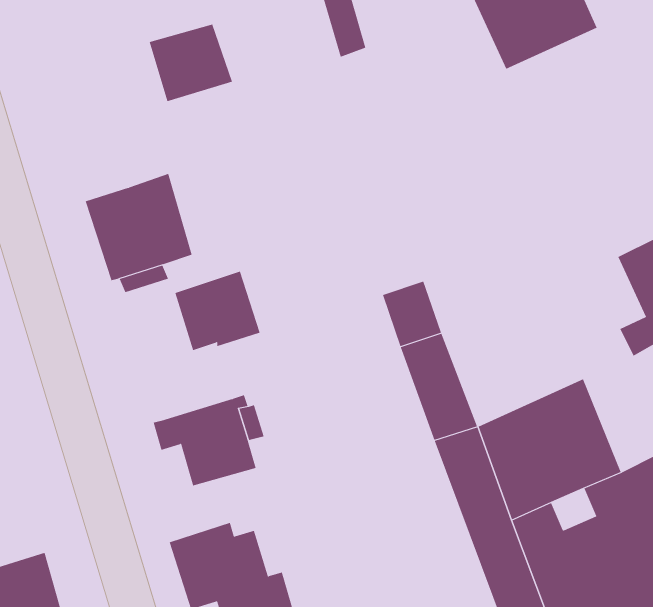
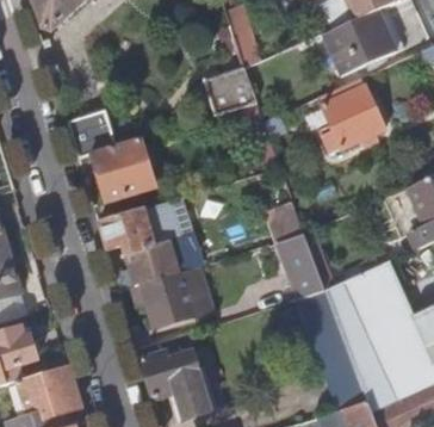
building: [149,24,233,102] -> [205,68,255,115]
building: none -> [318,76,385,154]
building: none -> [68,109,117,156]
building: none -> [99,209,179,285]

